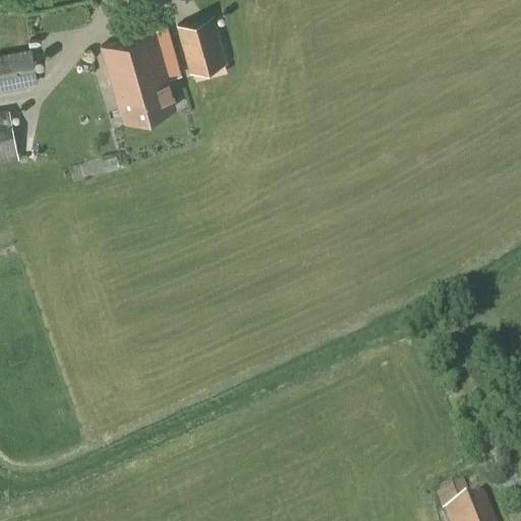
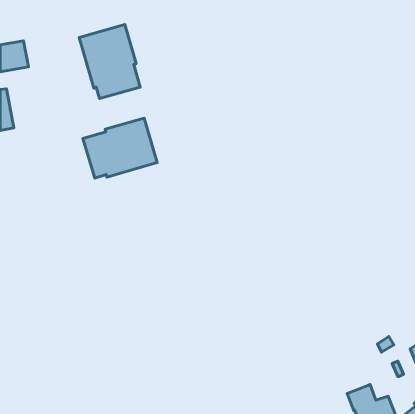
building: [177,18,229,77] -> none
building: none -> [83,118,157,178]

